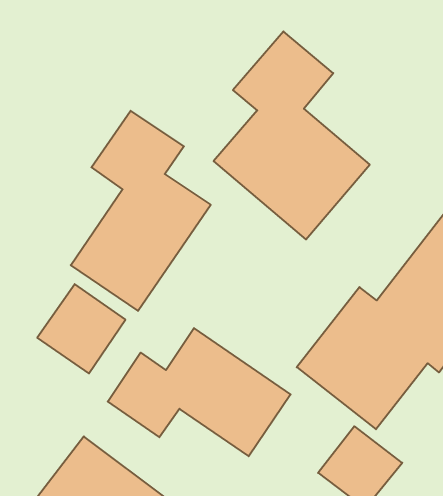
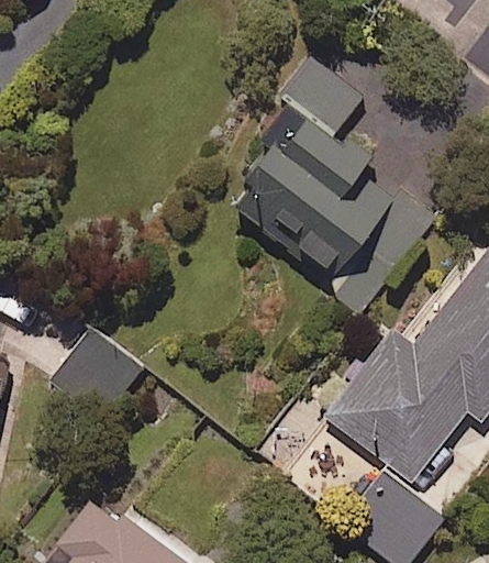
building: [71,111,211,311] -> none
building: [108,328,291,456] -> none

